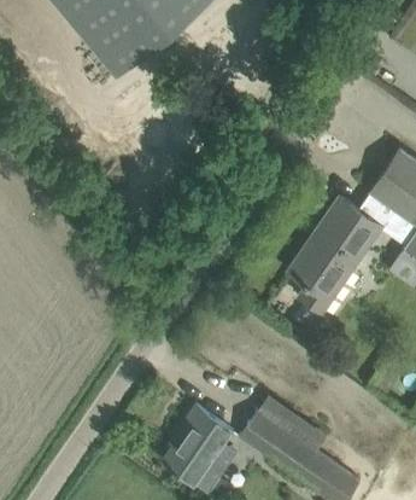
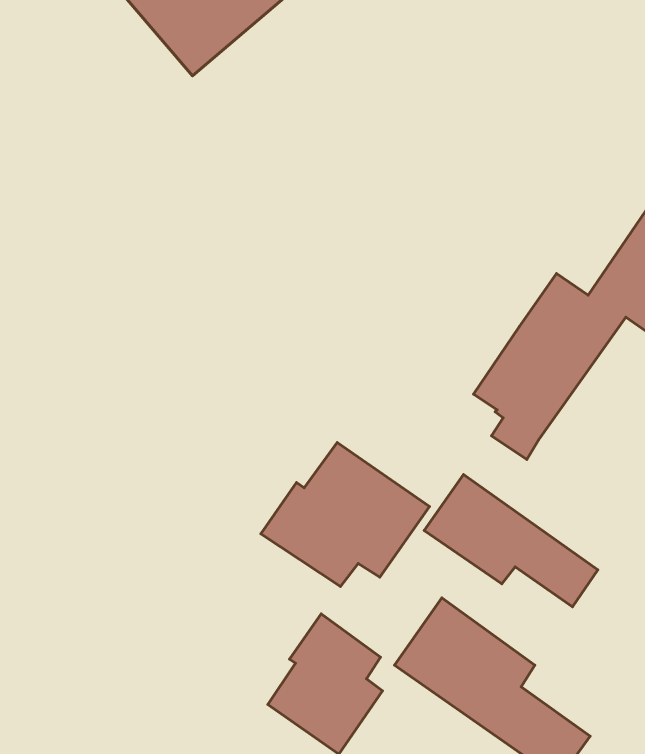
building: none -> [261,442,430,586]
building: none -> [424,474,598,607]

